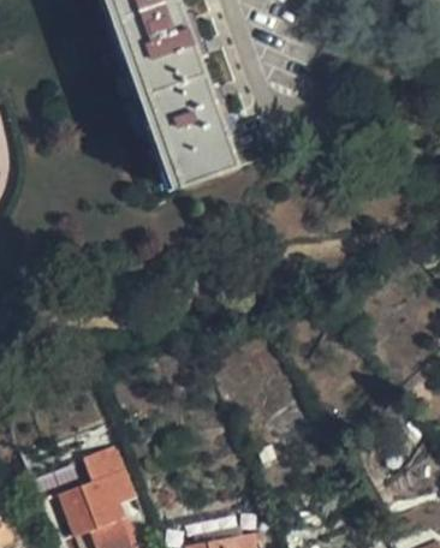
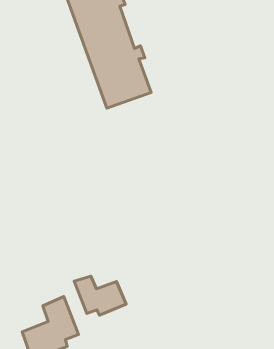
building: none -> [74,276,126,315]

